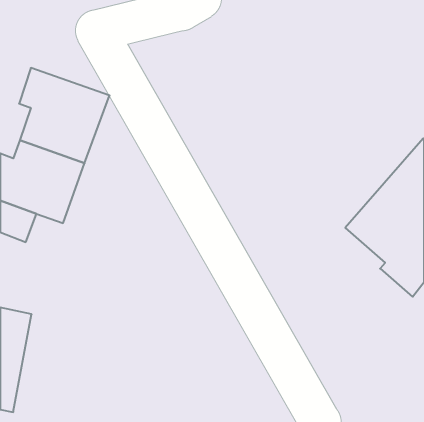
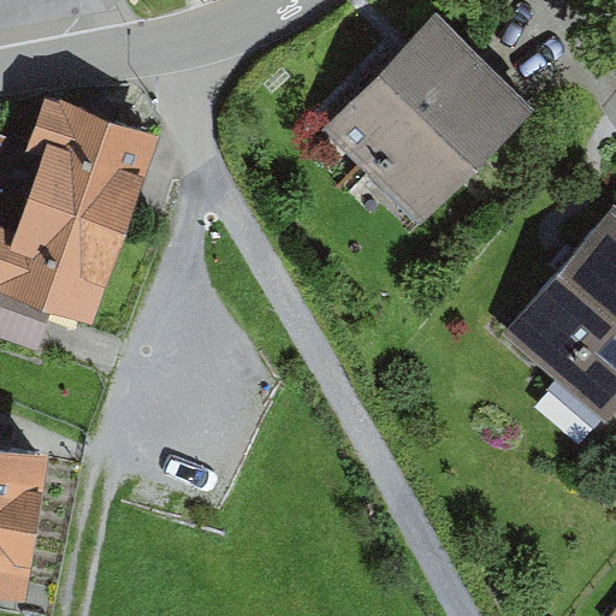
building: none -> [326,16,531,221]

